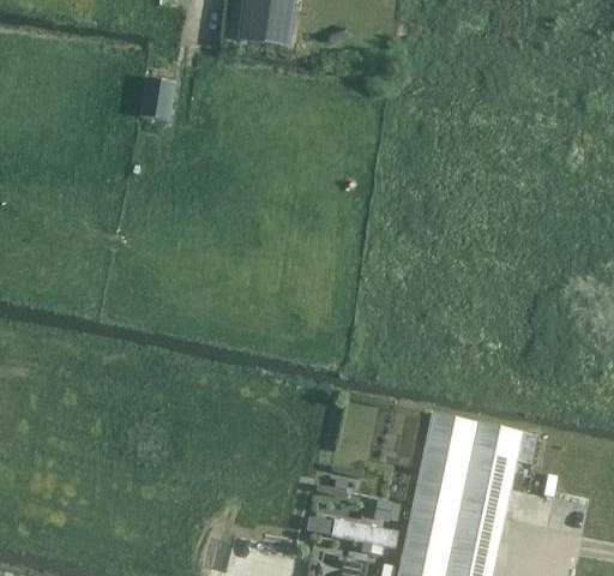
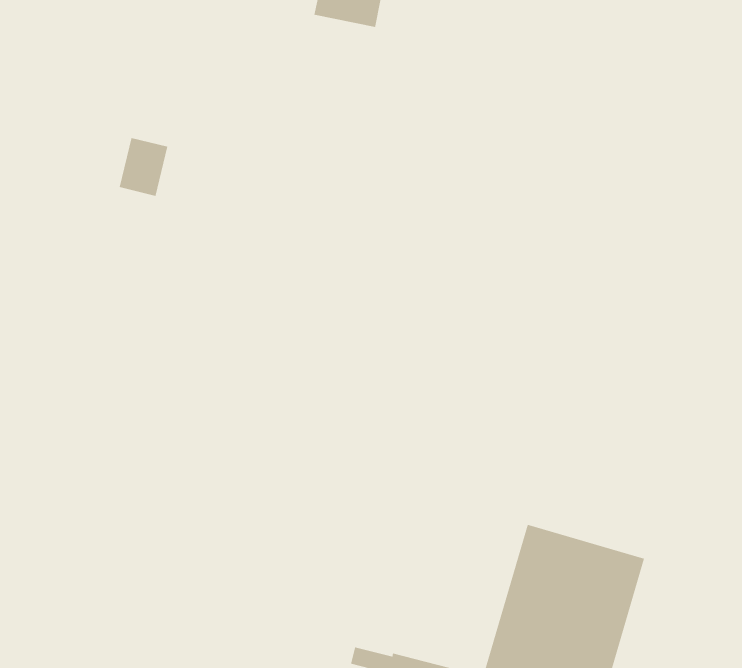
building: [139,78,174,121] -> [119,137,168,196]

